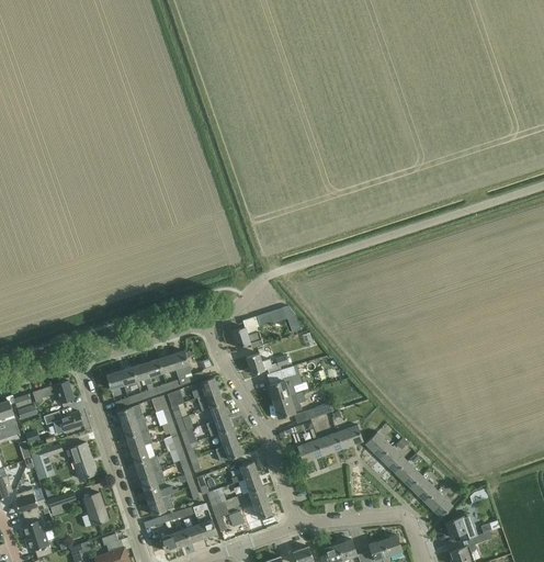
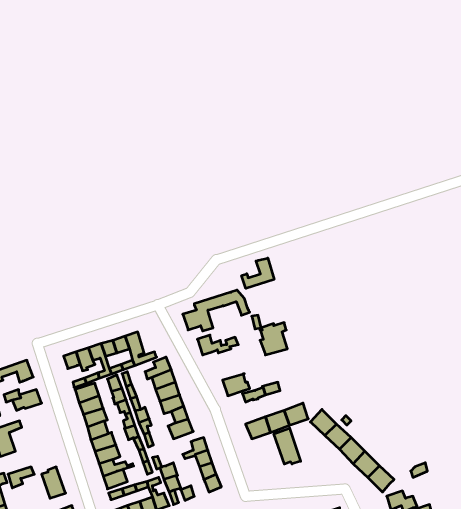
building: none -> [242,258,274,288]
building: [268,367,296,401] -> [260,323,287,355]
building: [69,442,97,480] -> none
building: none -> [274,428,301,464]

